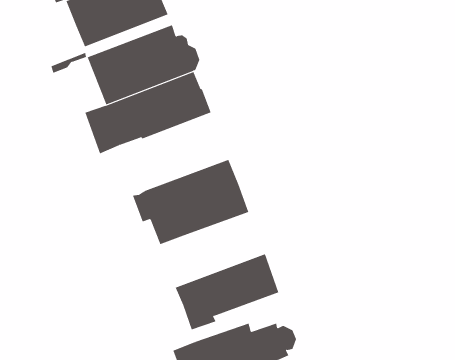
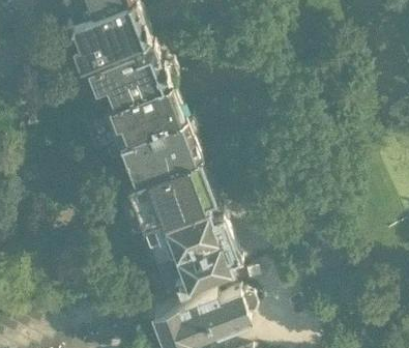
building: none -> [112,121,202,191]
building: none -> [145,212,232,267]

